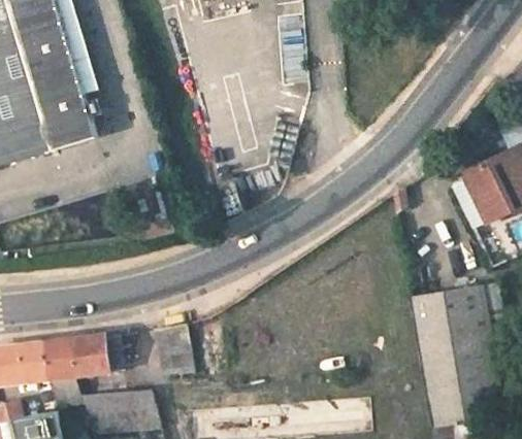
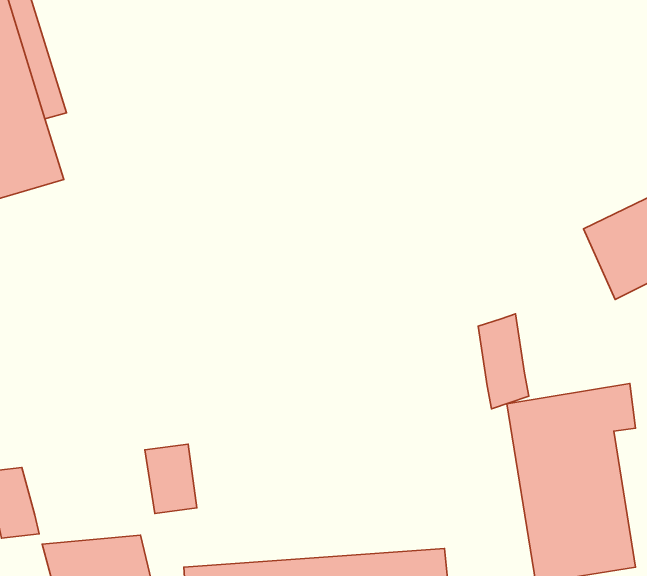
building: none -> [478,314,529,409]
building: [66,333,120,374] -> none

